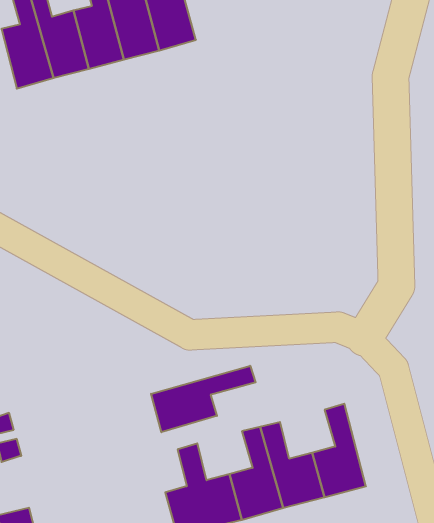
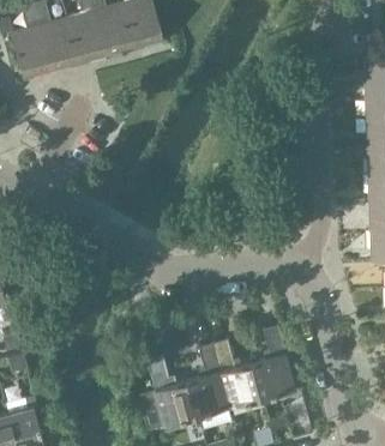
building: [151,366,256,432] -> none

